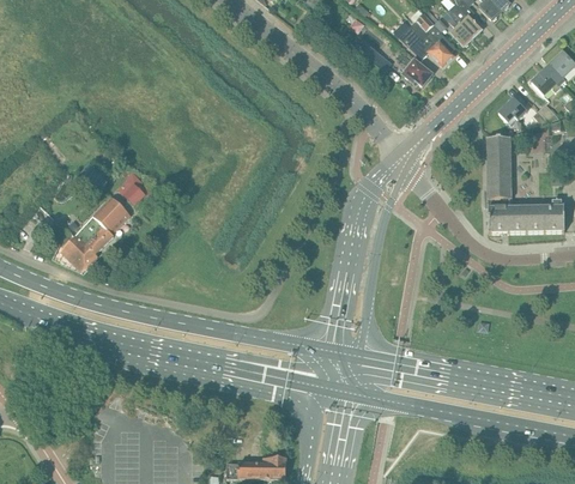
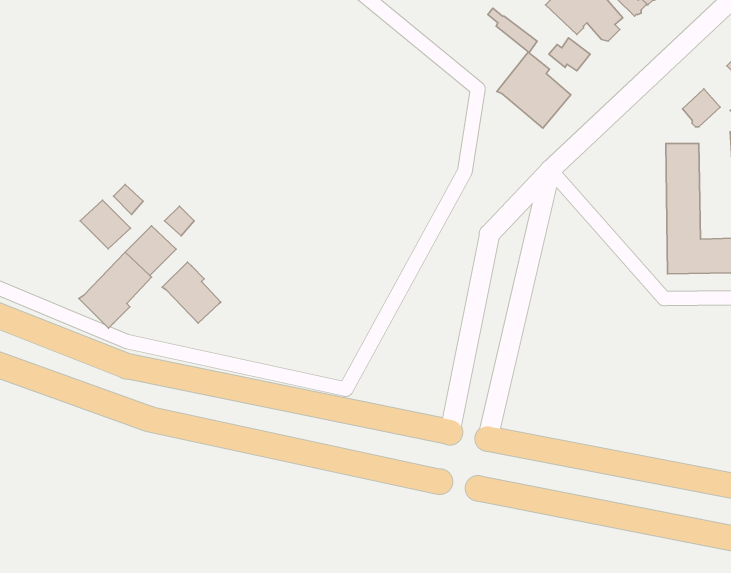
building: none -> [497,52,571,128]
building: none -> [80,200,130,249]
building: none -> [162,262,221,323]

